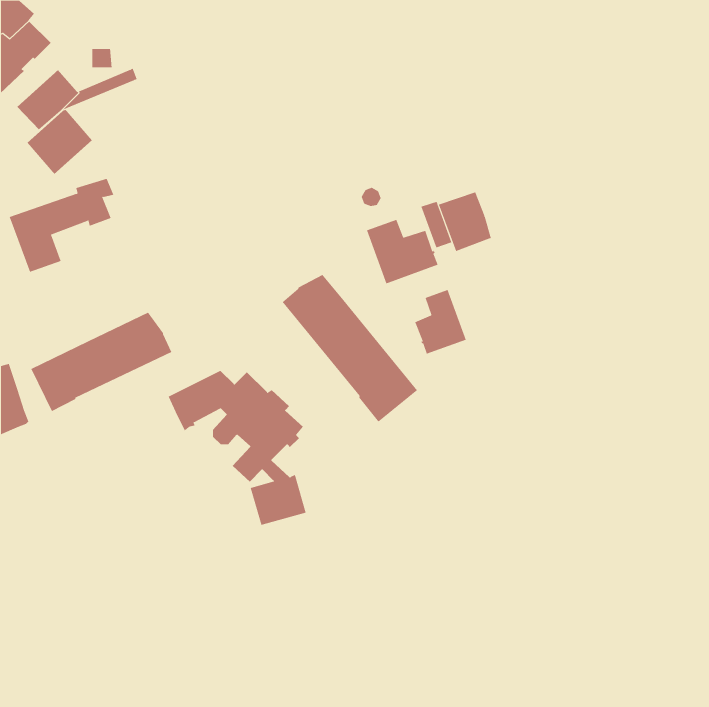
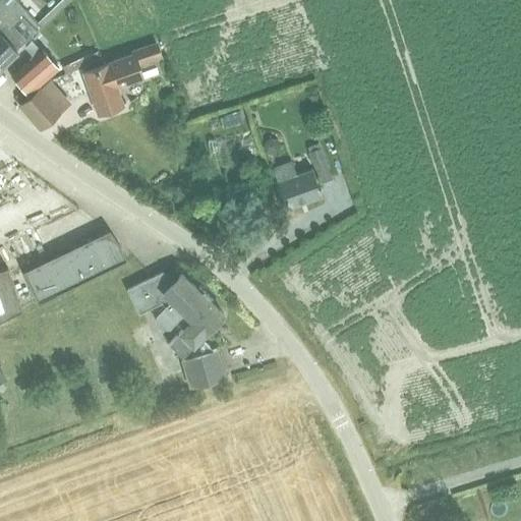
building: [9,178,114,272] -> [83,44,161,113]
building: [438,191,492,252] -> none
building: [282,274,418,423] -> none
building: [415,289,466,354] -> none

